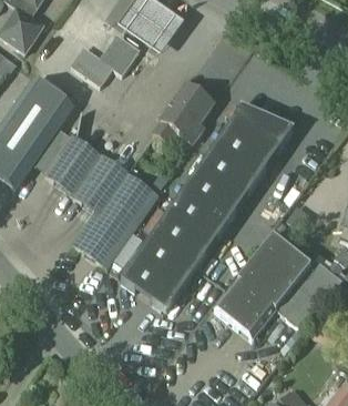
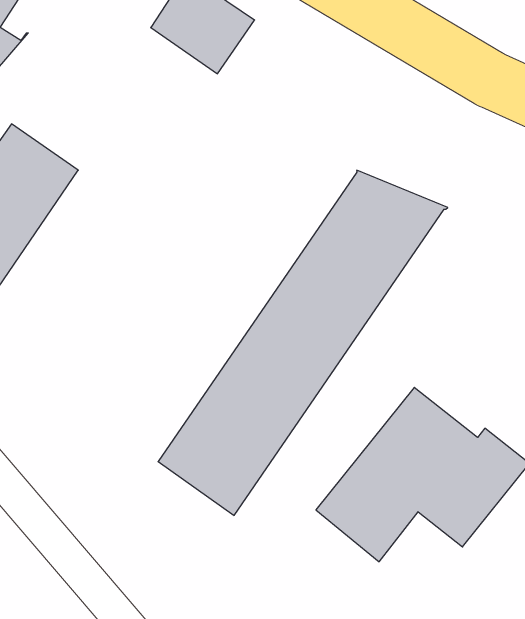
building: [70,33,139,84] -> none
building: [152,83,213,141] -> none
building: [45,134,157,266] -> none

